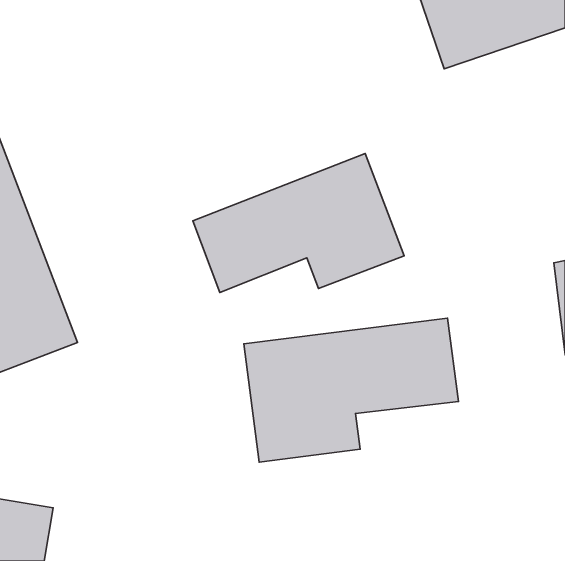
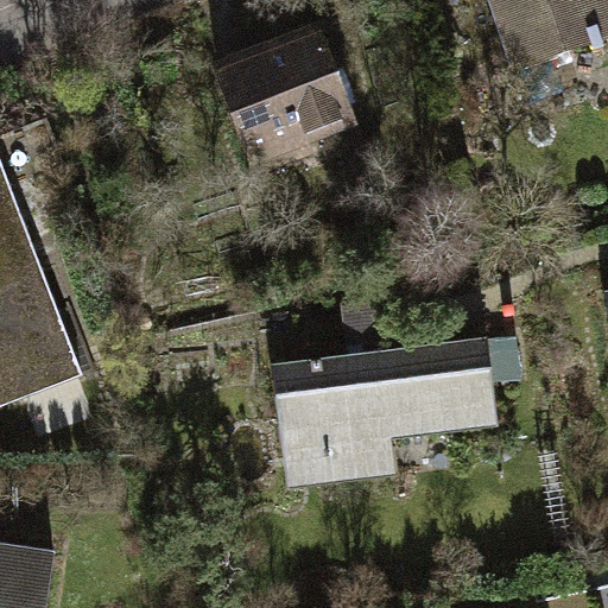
building: none -> [207,13,360,166]
building: [193,154,404,292] -> none

